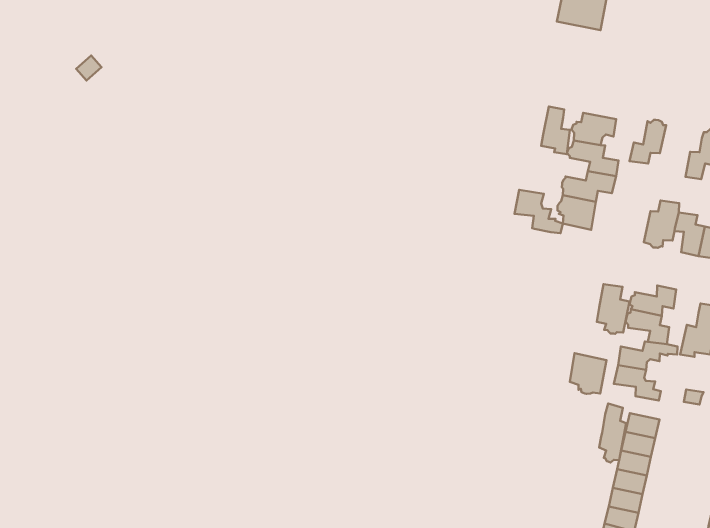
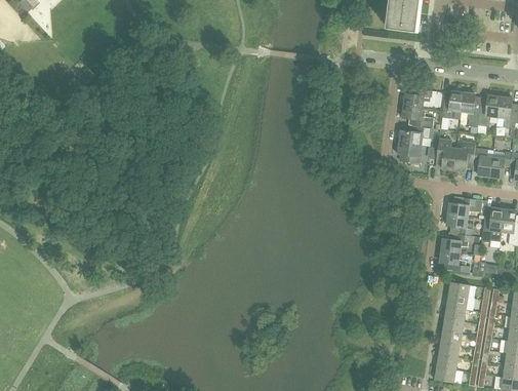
building: [541,107,570,154] -> none
building: none -> [460,90,479,126]
building: [514,190,563,233] -> none
building: [597,284,630,334] -> [435,139,455,170]
building: [570,353,606,394] -> none
building: [599,404,626,463] -> none

